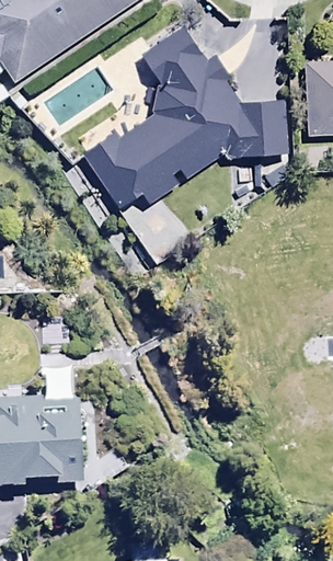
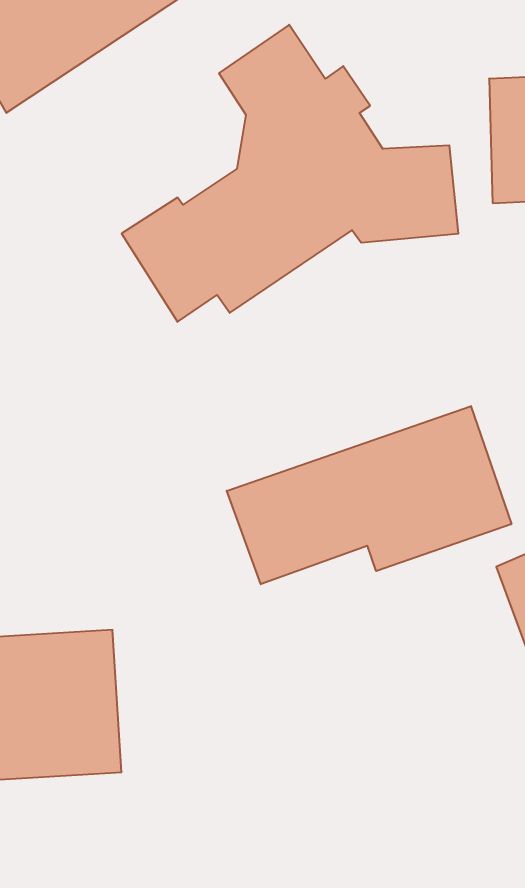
building: none -> [227,406,511,584]

